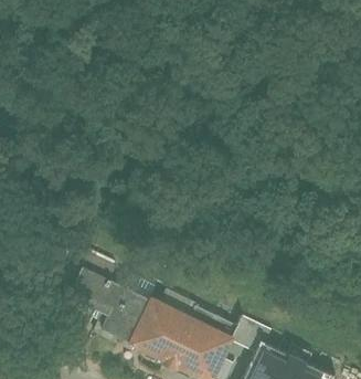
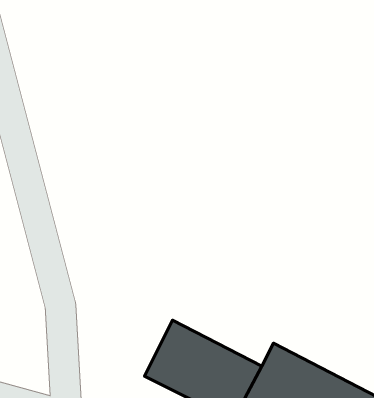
building: [71,262,152,344] -> none

